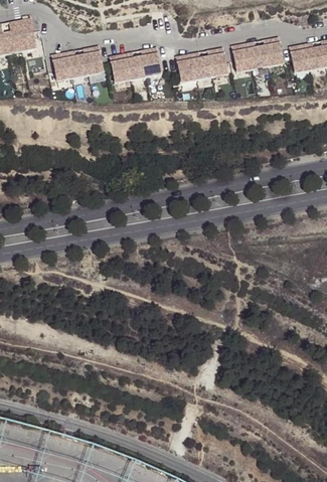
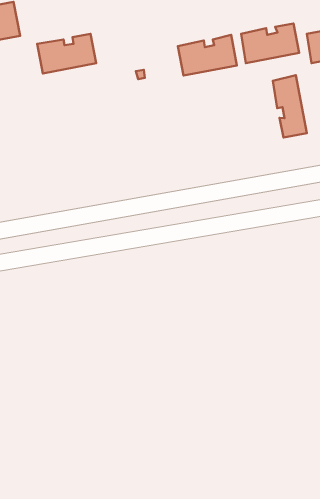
building: [110,46,161,82] -> none
building: none -> [273,75,307,138]

